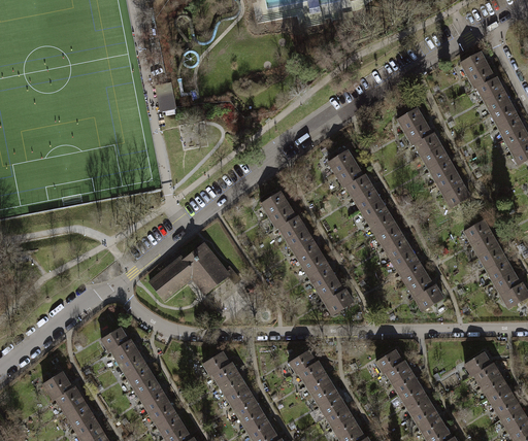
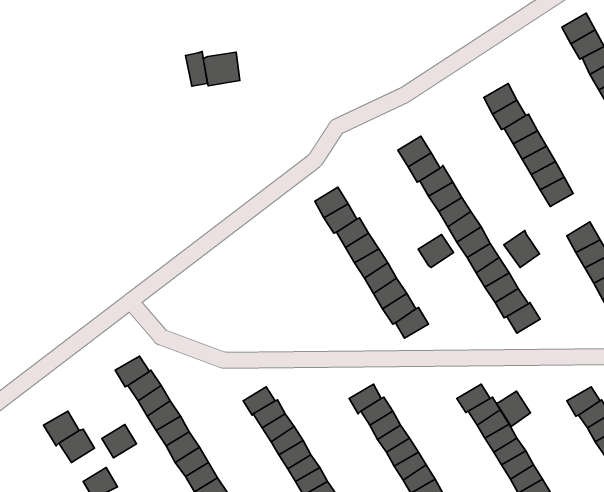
building: none -> [203,52,240,86]
building: none -> [504,231,539,267]
building: none -> [418,235,454,268]
building: [150,243,234,299] -> none
building: none -> [496,391,531,426]
building: [66,402,94,429] -> [102,425,136,458]

